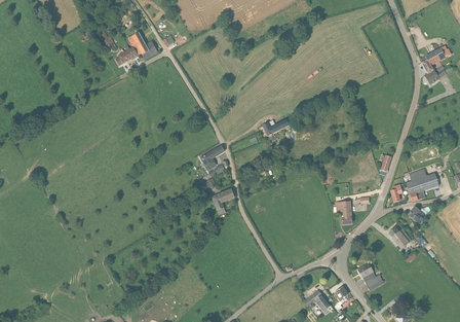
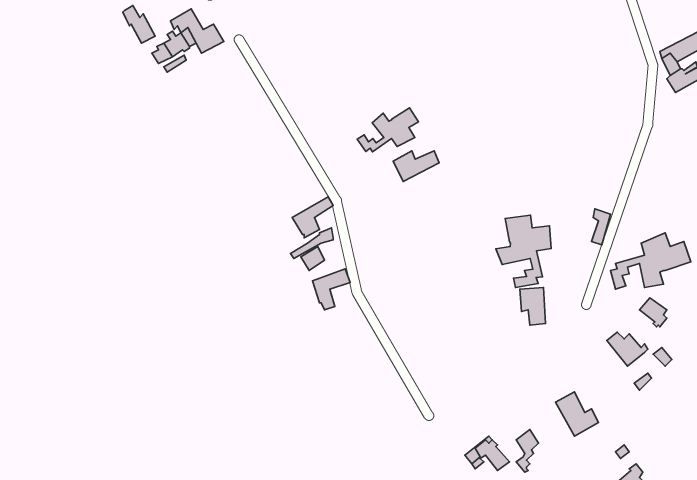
building: none -> [357,108,419,152]
building: none -> [496,215,551,287]

